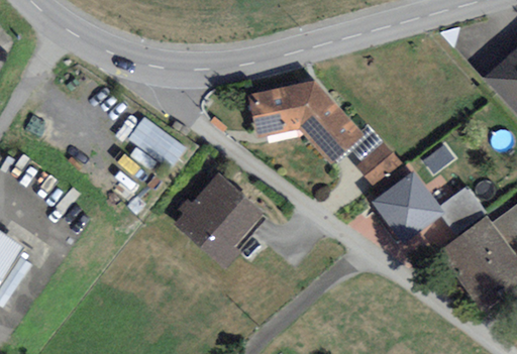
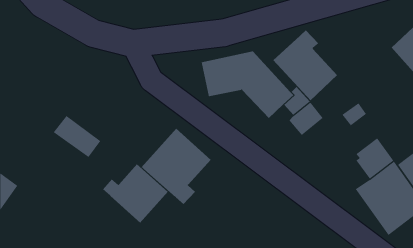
building: none -> [272,30,338,101]
building: [127,117,187,169] -> [53,115,101,158]
building: [372,171,443,243] -> none
building: none -> [102,163,169,224]

